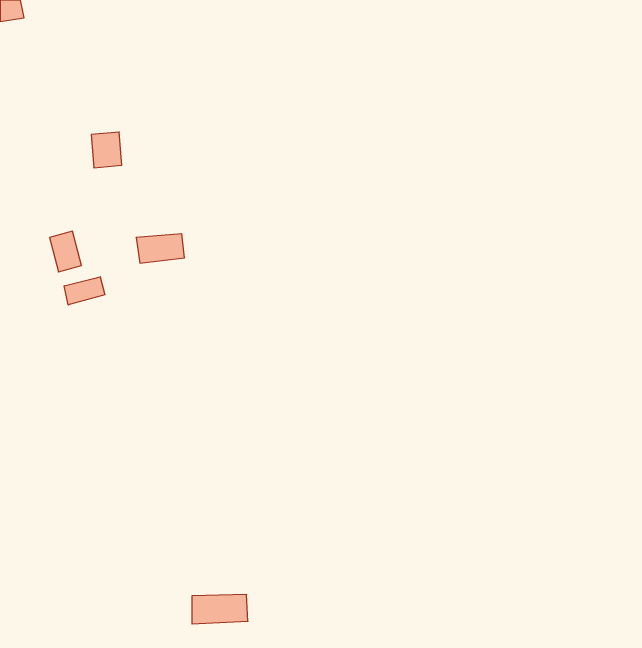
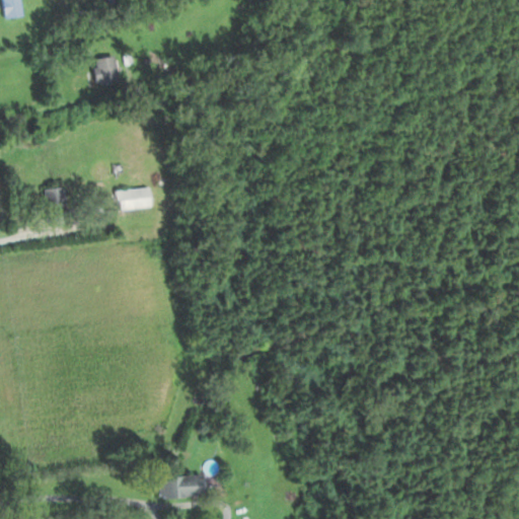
building: [91,132,122,168] -> [92,56,117,84]
building: [64,277,105,305] -> none

